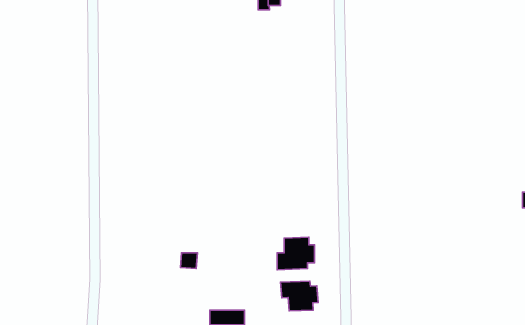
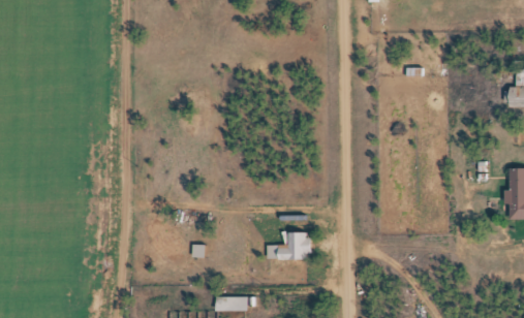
building: [280,281,318,311] -> none

